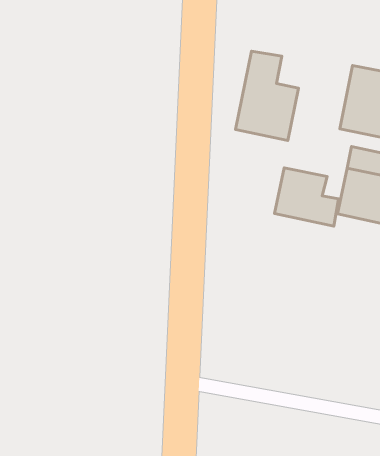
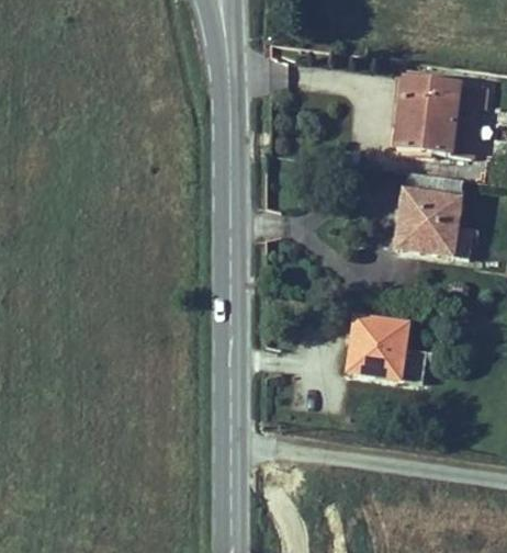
building: [236,51,299,140] -> none
building: [275,168,339,226] -> [349,318,419,380]

